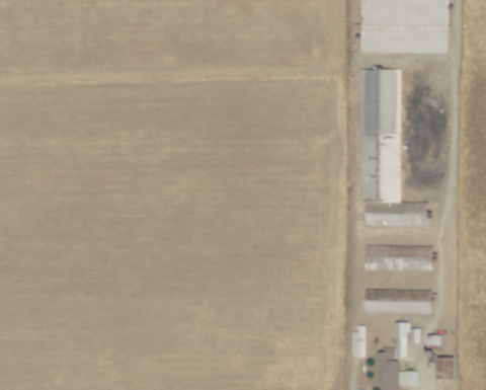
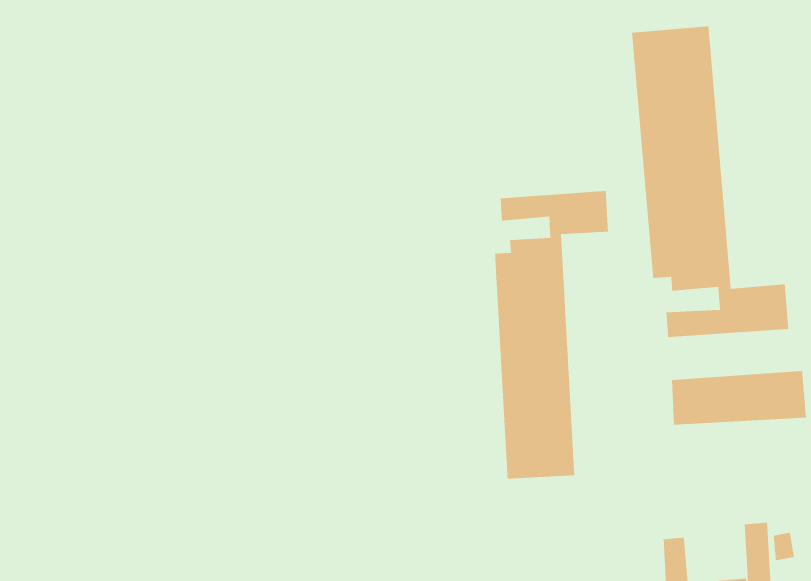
building: none -> [494,190,609,480]

